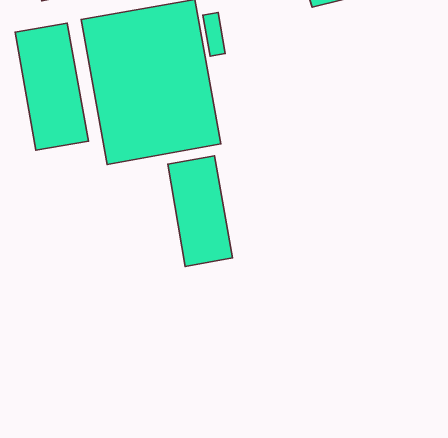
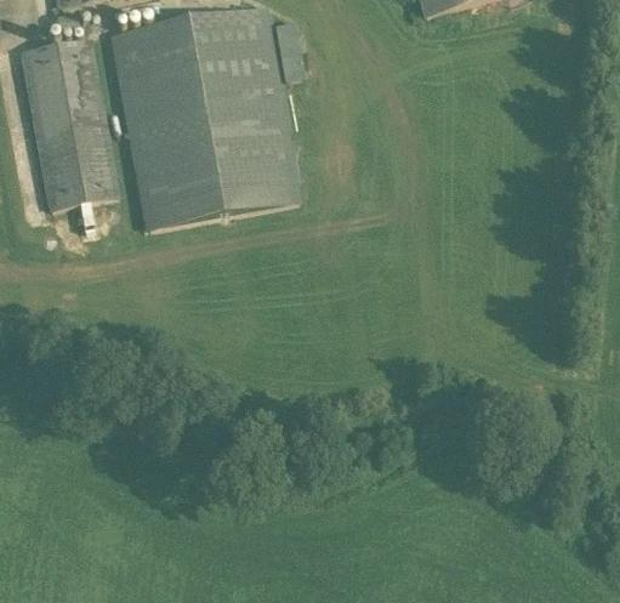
building: [168,156,233,266] -> none

